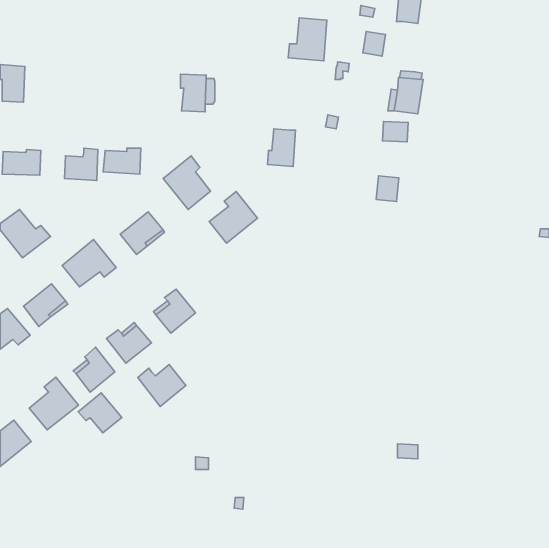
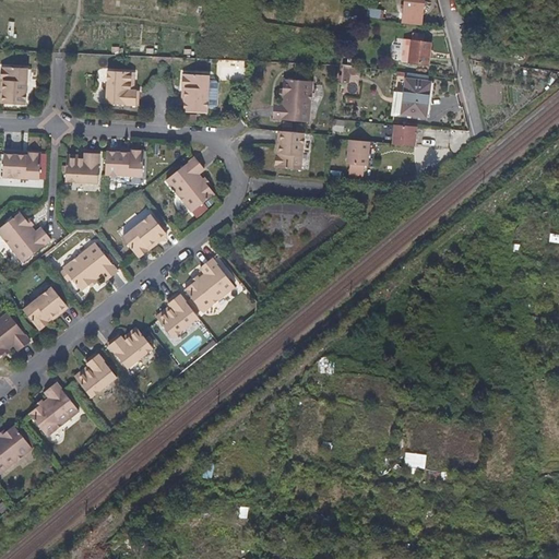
building: [288,18,327,61] -> [270,79,309,122]
building: [363,31,385,56] -> [409,37,432,62]
building: none -> [106,71,139,105]
building: [376,176,399,202] -> [347,140,370,166]
building: [209,191,258,243] -> [186,260,235,312]
building: [138,364,186,407] -> none
building: [78,393,122,433] -> none

